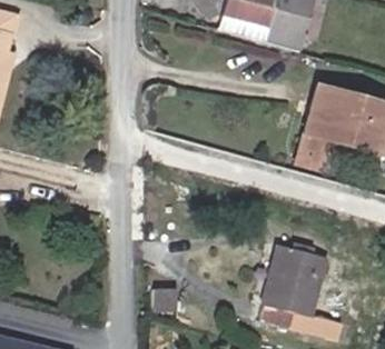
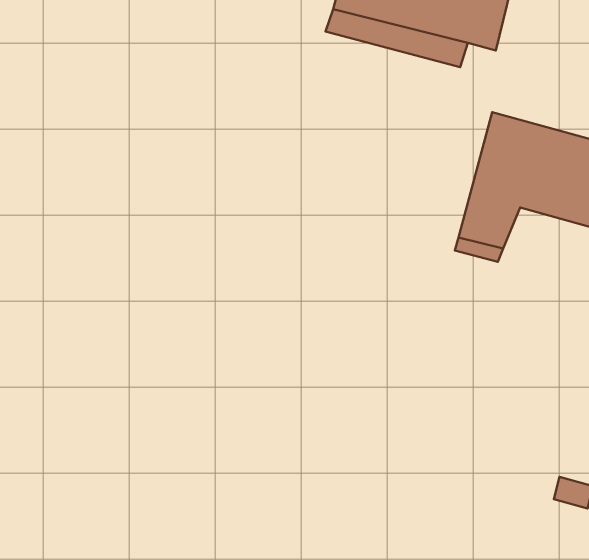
building: [259,245,342,340] -> none

